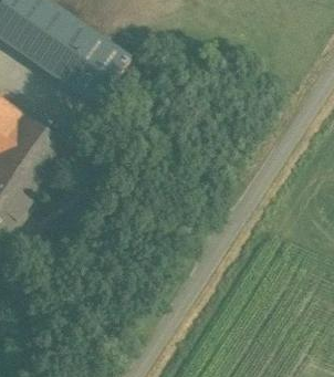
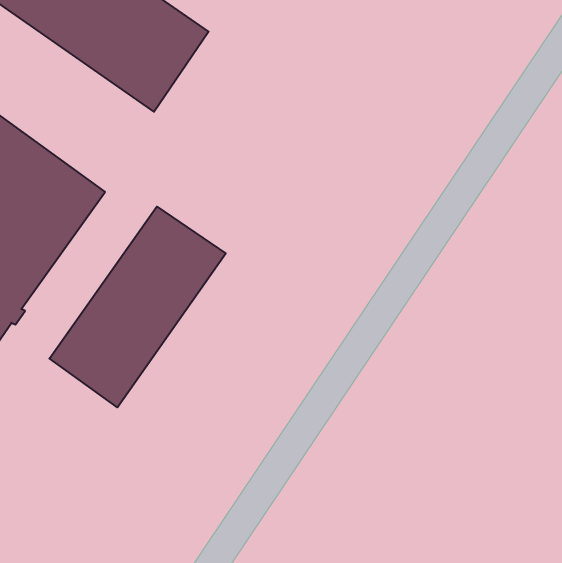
building: none -> [49,207,226,407]

